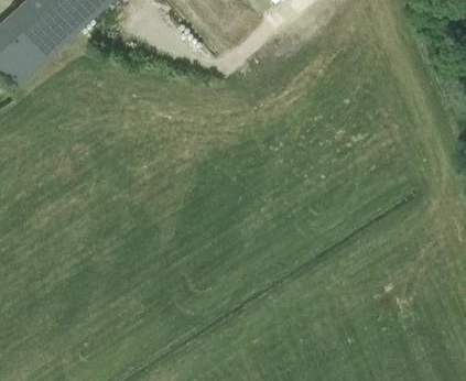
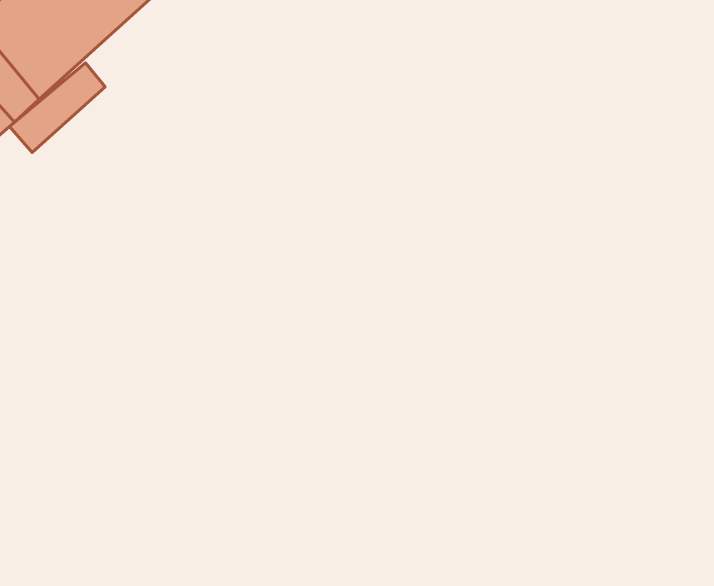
building: none -> [10,63,105,152]

